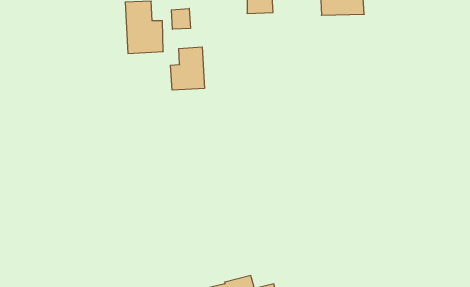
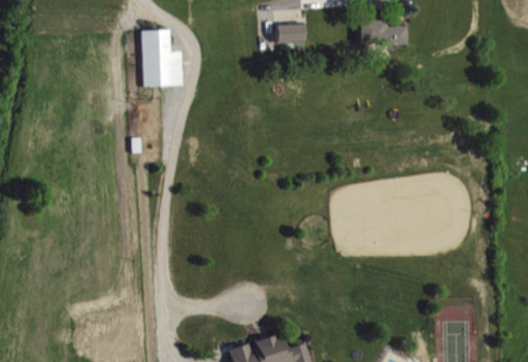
building: [171,8,190,29] -> none
building: [170,47,204,90] -> none

